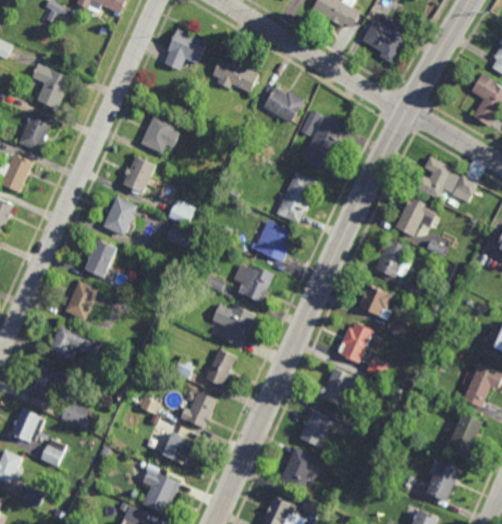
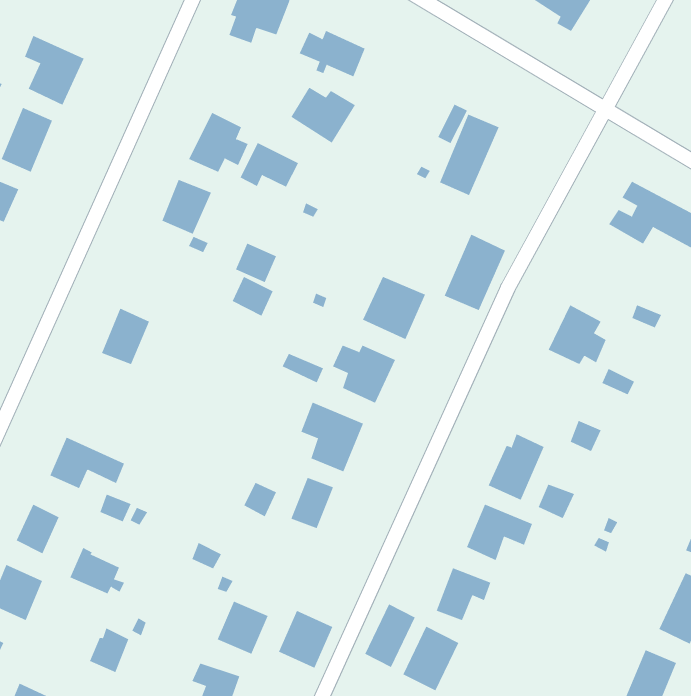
building: [262,87,305,124] -> [290,87,356,144]
building: none -> [240,142,299,187]
building: [277,172,317,222] -> [444,234,506,311]
building: [393,195,437,236] -> none
building: [101,196,137,236] -> none
building: [63,281,96,319] -> none
building: [357,285,391,320] -> none
building: [181,390,217,428] -> [278,610,333,669]
building: none -> [364,604,416,668]
building: [41,436,68,465] -> [89,628,129,673]

